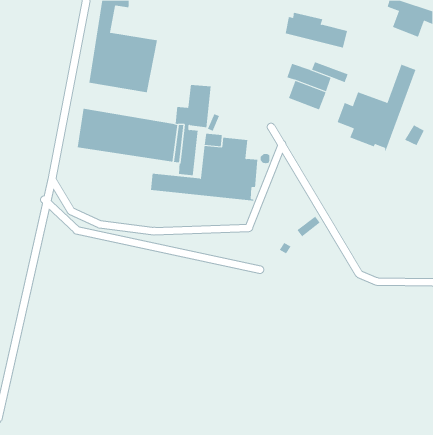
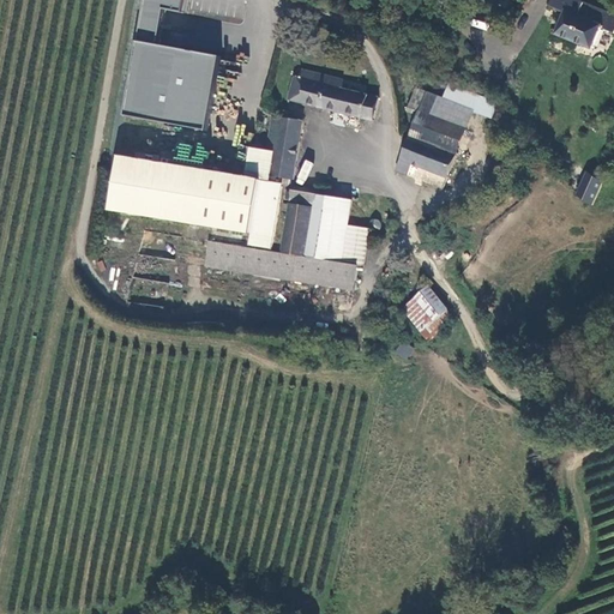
building: [285,12,348,48] -> [283,71,372,121]
building: [337,64,416,152] -> none
building: none -> [391,139,450,180]
building: none -> [398,282,444,325]

